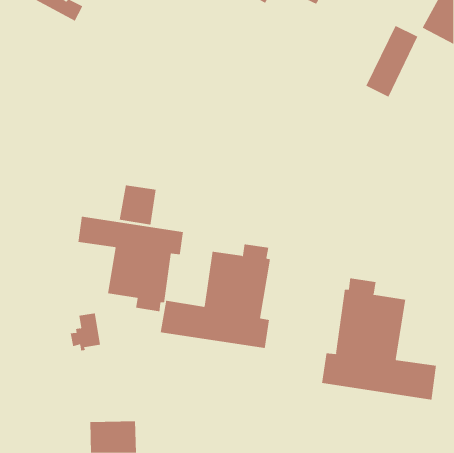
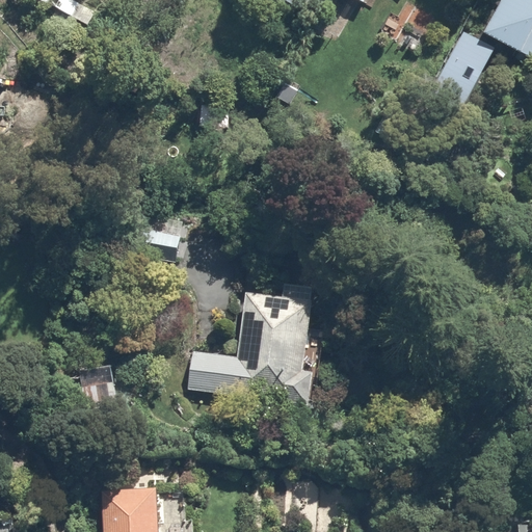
building: [78,216,184,312] -> none
building: [321,277,437,400] -> none

